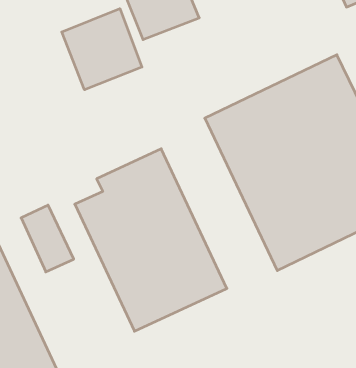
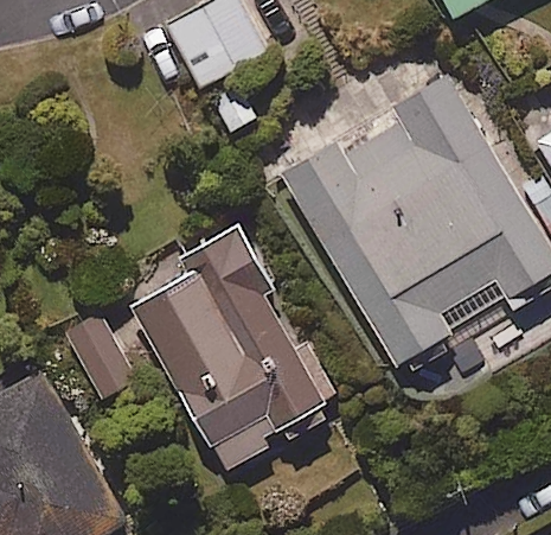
building: [62,9,142,90] -> none

